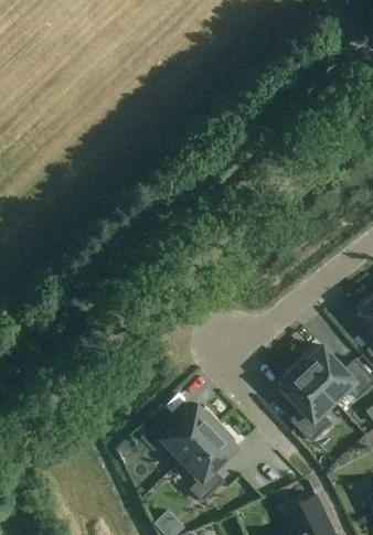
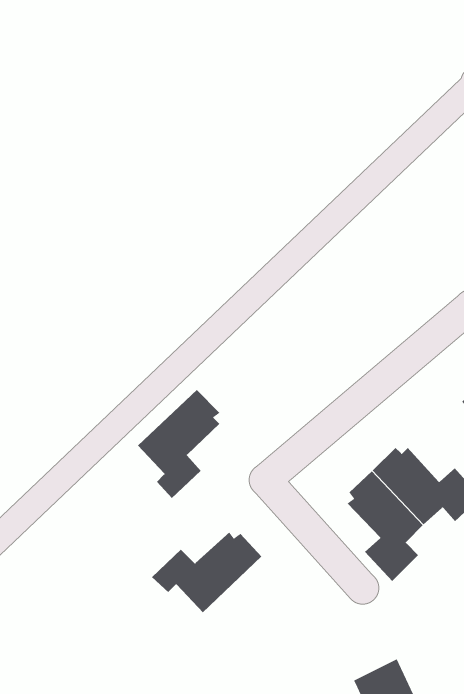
building: [179,422,237,500] -> [137,389,220,499]

